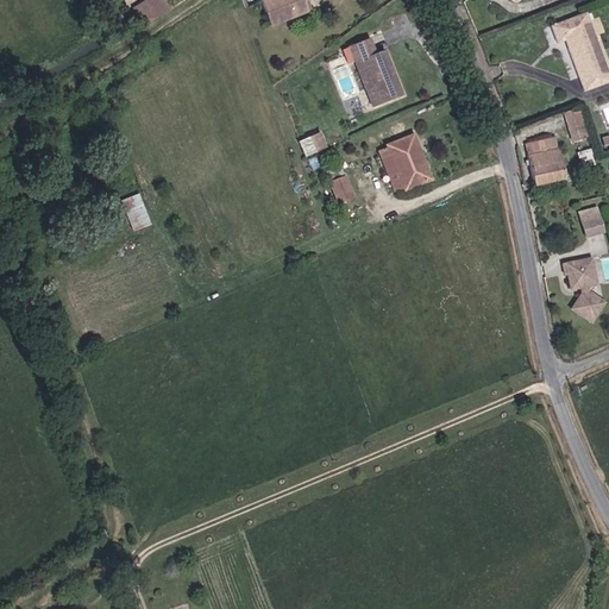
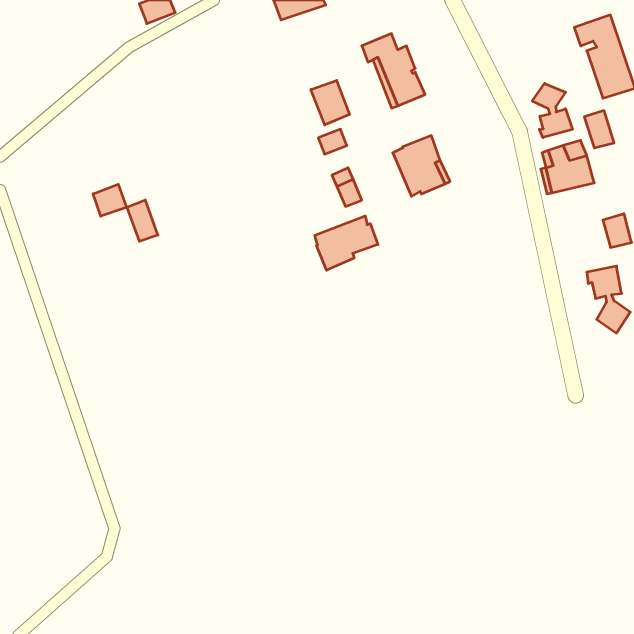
building: none -> [311,80,349,125]
building: none -> [532,83,572,138]
building: none -> [93,184,127,216]
building: none -> [315,216,378,270]

